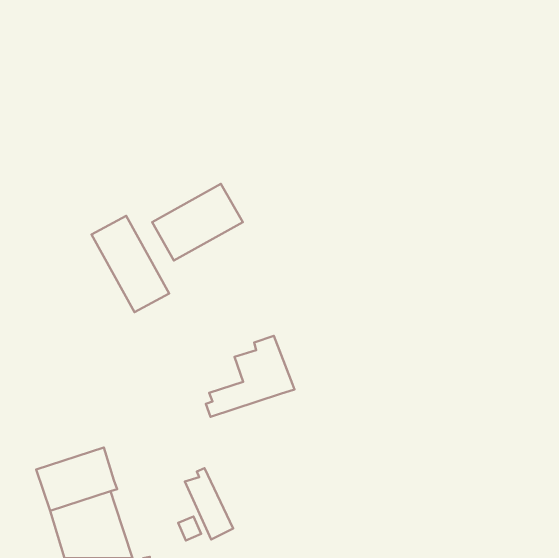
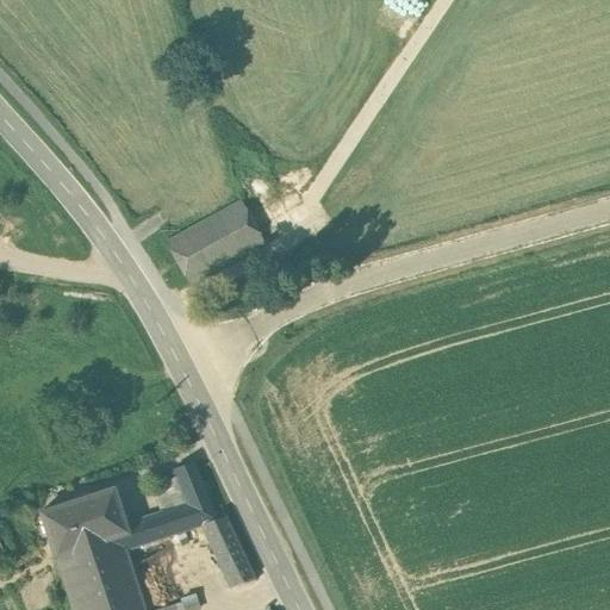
building: [91,216,169,312] -> none
building: [206,336,295,417] -> [120,461,217,549]

